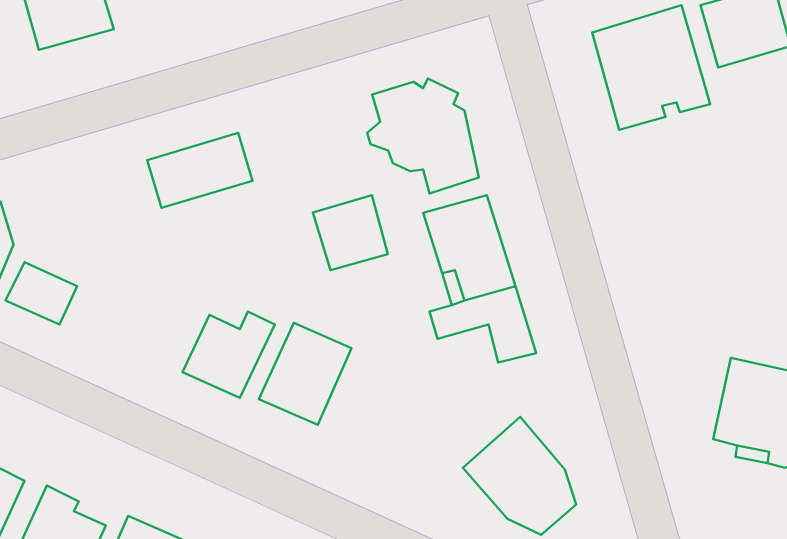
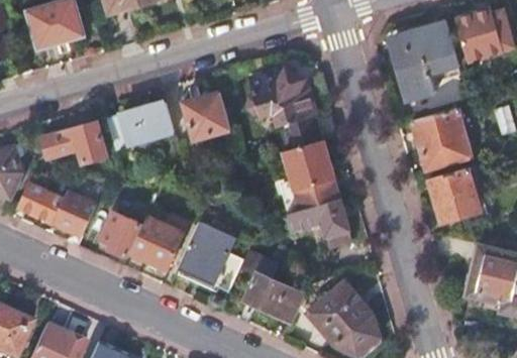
building: none -> [412,106,471,167]
building: none -> [42,121,107,161]
building: [313,195,388,270] -> [183,91,230,138]
building: none -> [429,168,479,222]
building: none -> [51,191,96,236]
building: none -> [101,212,140,256]
building: none -> [240,249,305,320]

